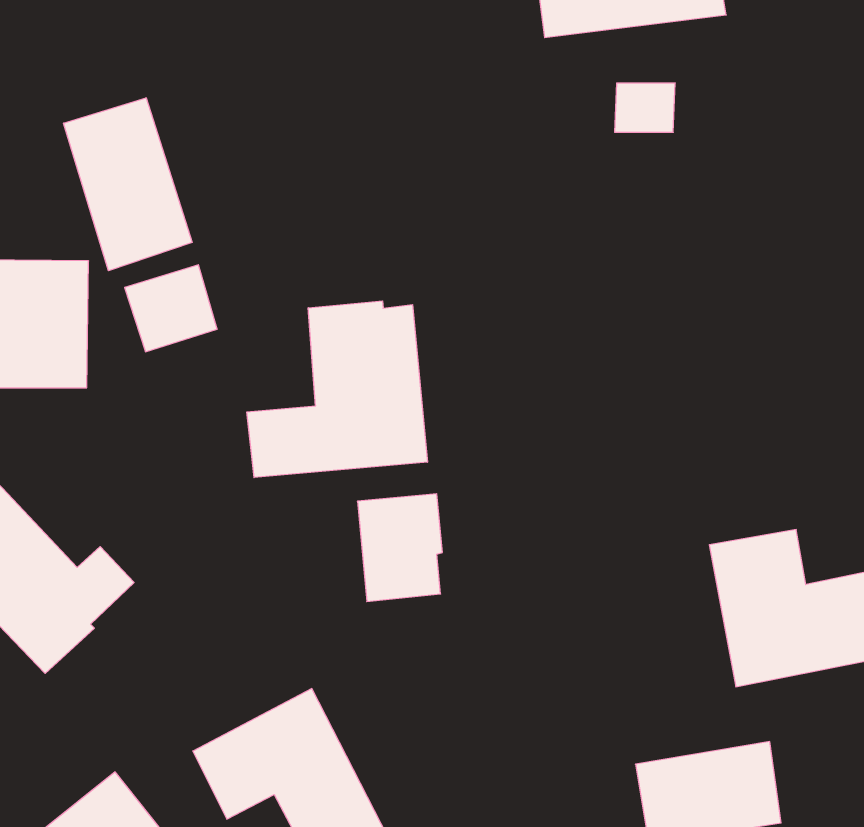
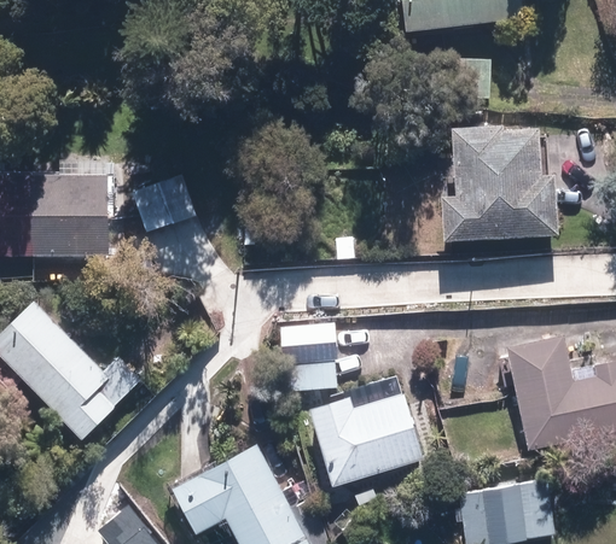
building: [64,98,192,271] -> none
building: none -> [443,125,559,242]
building: [247,301,427,478] -> none
building: none -> [310,378,422,485]

